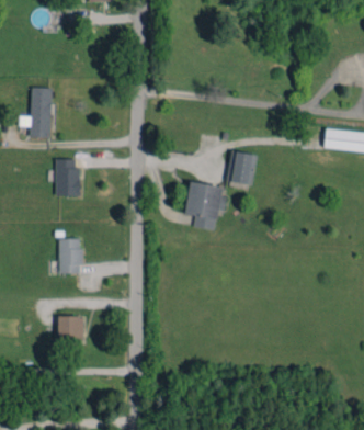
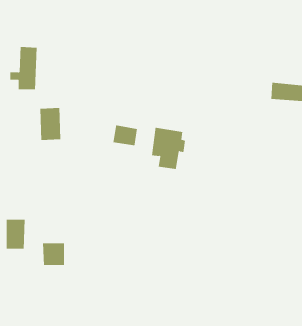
building: [228,151,257,185] -> none
building: none -> [113,125,137,146]
building: [59,239,82,274] -> [6,219,25,249]

